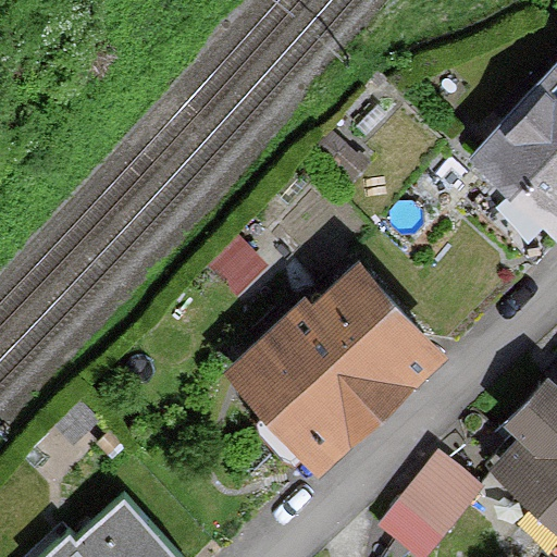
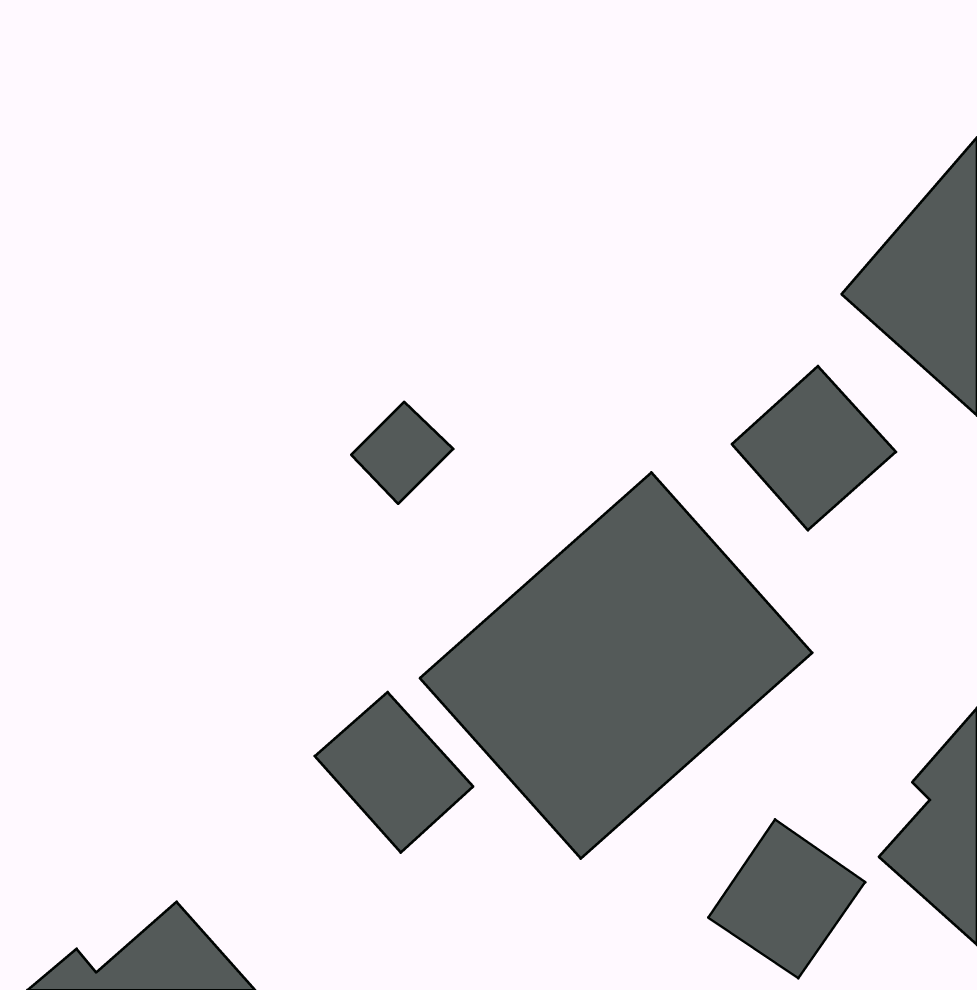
building: none -> [732,366,896,530]
building: none -> [315,692,473,853]

